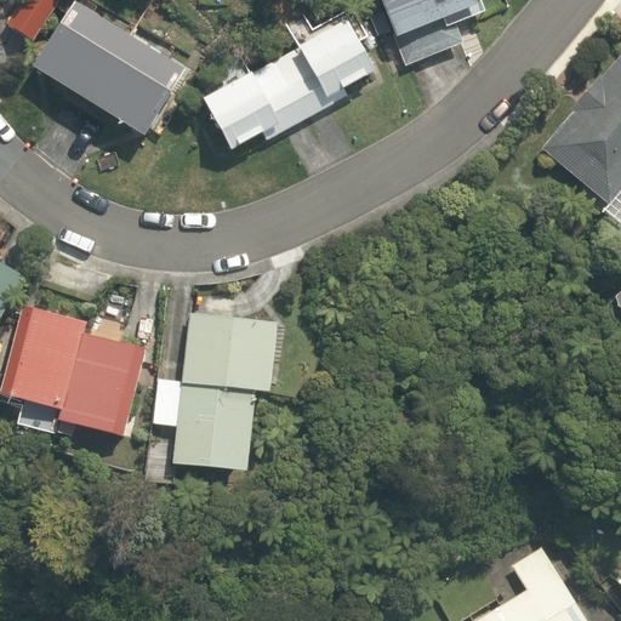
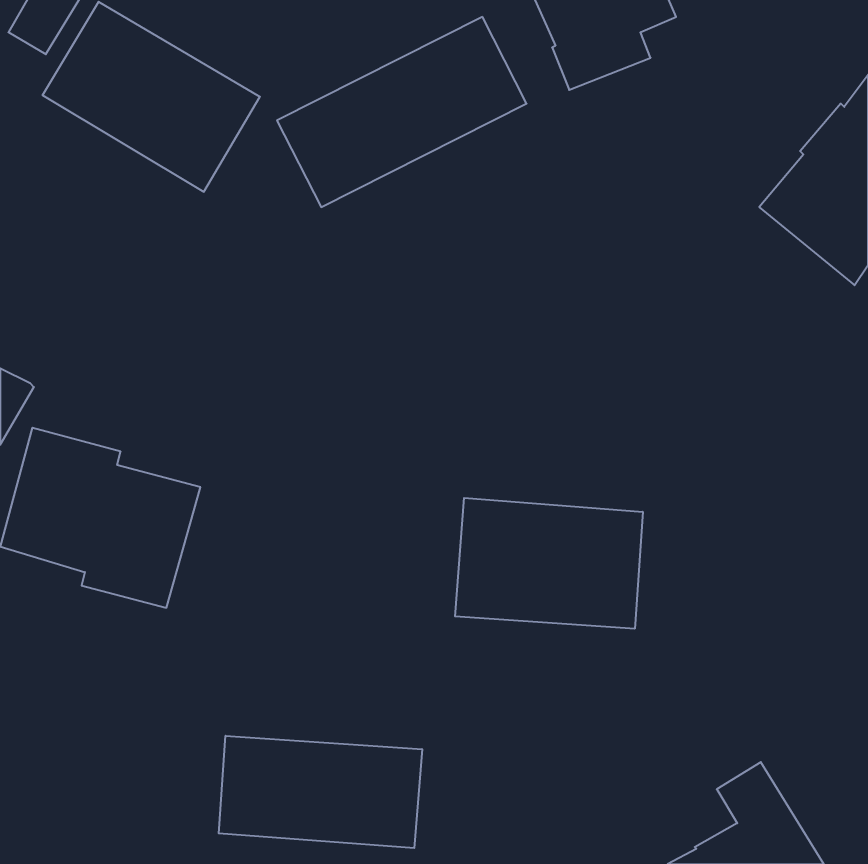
building: [153,315,275,471] -> none
building: none -> [455,498,643,629]
building: none -> [219,736,422,848]

